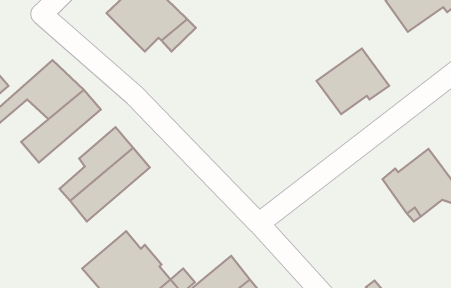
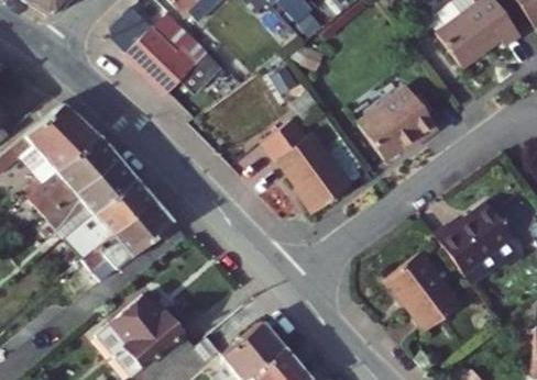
building: none -> [260,116,352,213]
building: none -> [48,156,134,235]
building: none -> [379,252,454,331]

